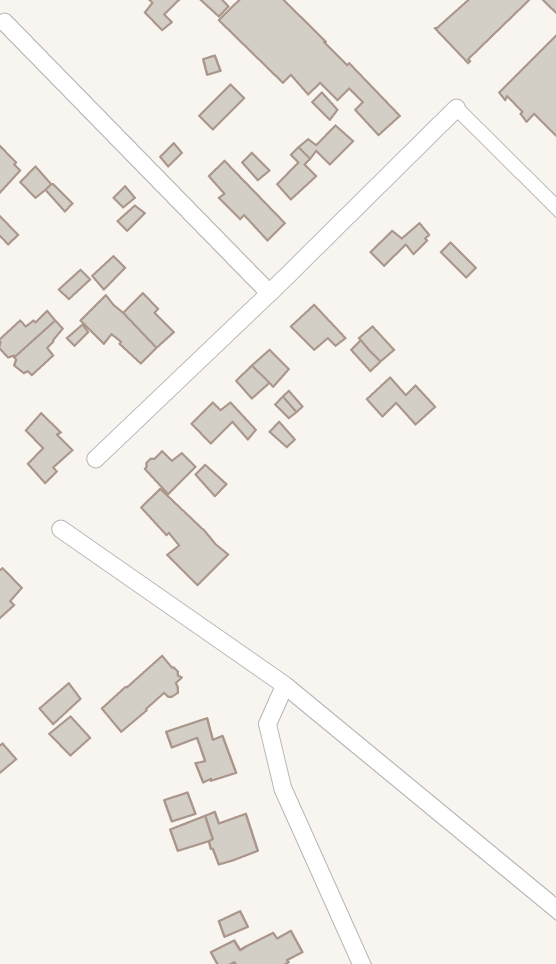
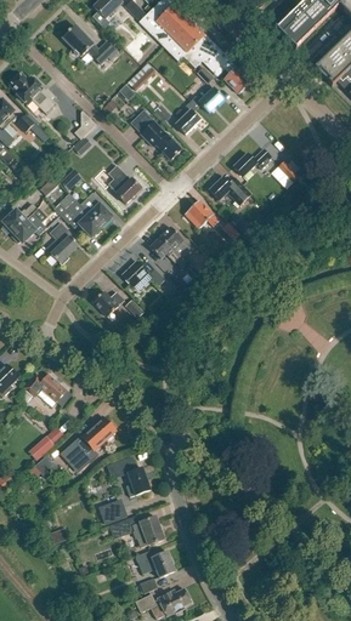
building: none -> [62,25,118,64]
building: none -> [11,74,56,113]
building: none -> [108,164,141,203]
building: [367,378,435,424] -> [209,176,251,205]
building: [26,413,72,483] -> [50,222,79,266]
building: [141,489,228,585] -> none
building: none -> [23,372,72,405]
building: none -> [135,549,175,577]

